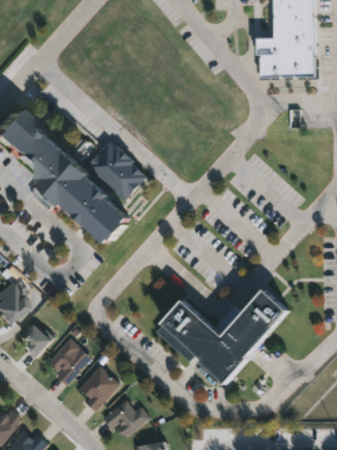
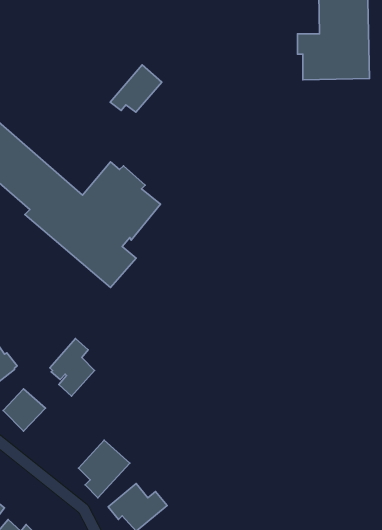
building: none -> [110,65,162,112]
building: [155,287,290,382] -> none
building: [52,338,88,385] -> [50,338,95,396]

